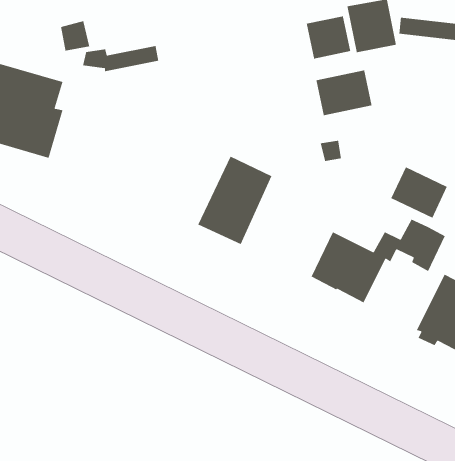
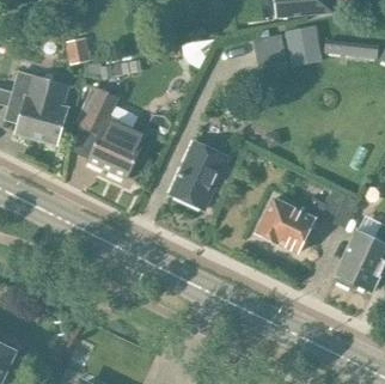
building: [315,70,373,116] -> none
building: none -> [80,89,147,179]
building: [390,166,448,219] -> none

